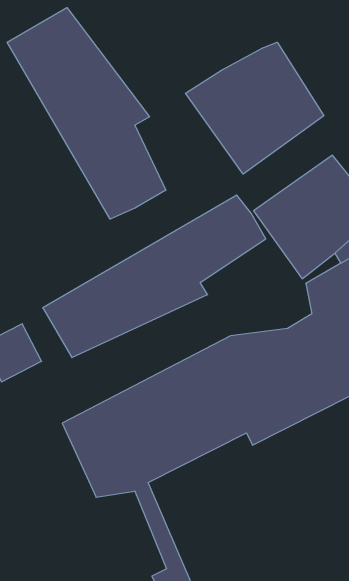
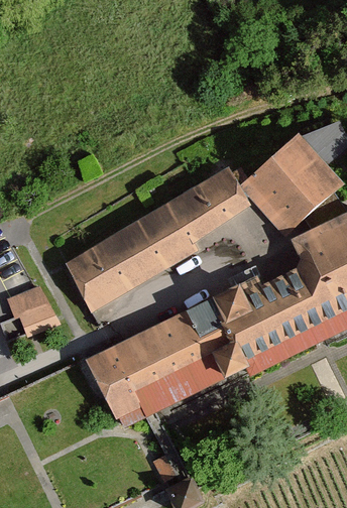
building: [7,8,166,219] -> none
building: [186,42,324,174] -> none

